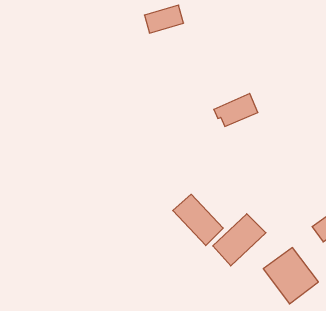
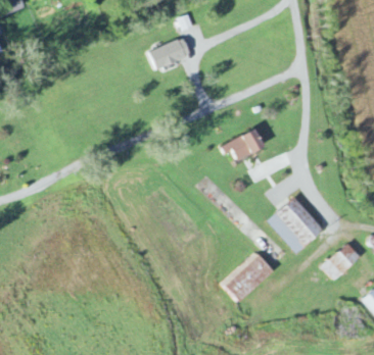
building: [173,194,223,246] -> none
building: [263,248,318,304] -> [268,197,324,254]

